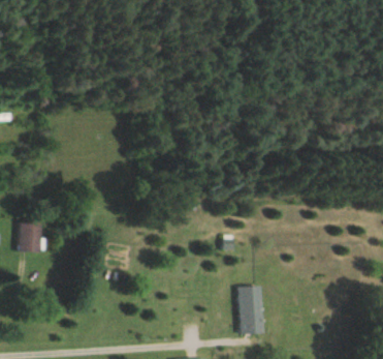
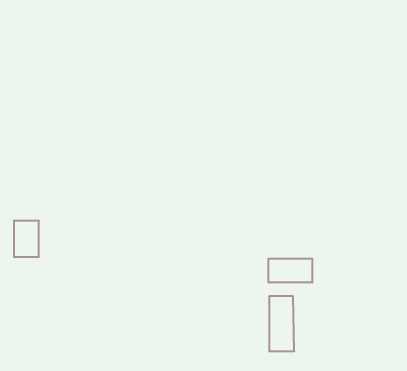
building: none -> [269,259,312,283]

